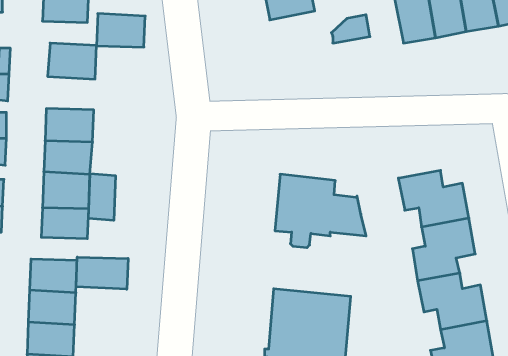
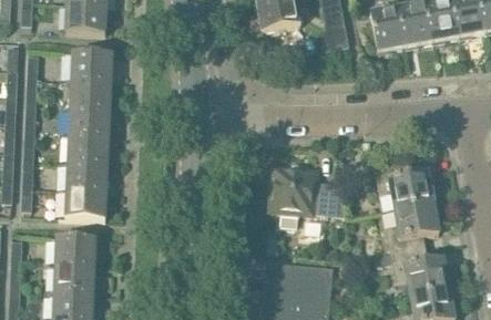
building: [96,14,145,47] -> [69,78,111,106]
building: [88,174,115,220] -> none
building: [76,257,128,289] -> none

